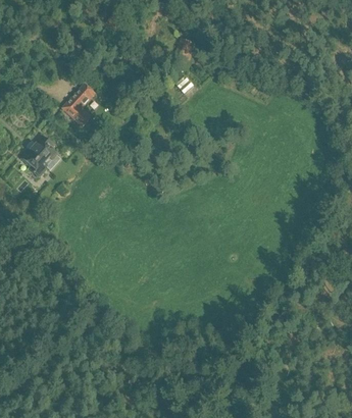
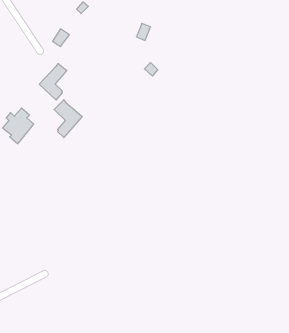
building: none -> [54,100,82,138]

